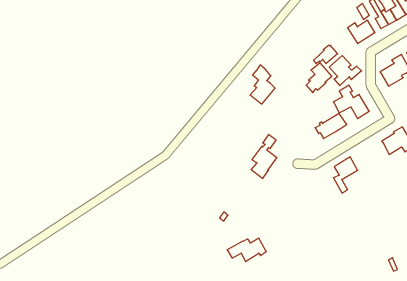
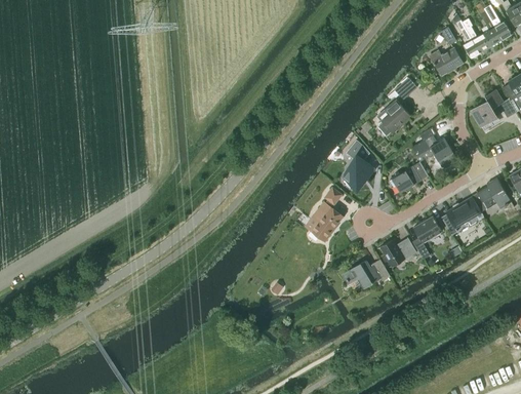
building: [329,56,362,86] -> none
building: [250,65,275,104] -> [344,141,374,189]
building: none -> [441,197,481,232]
building: none -> [379,238,416,267]
building: [227,238,266,261] -> [342,260,390,288]

